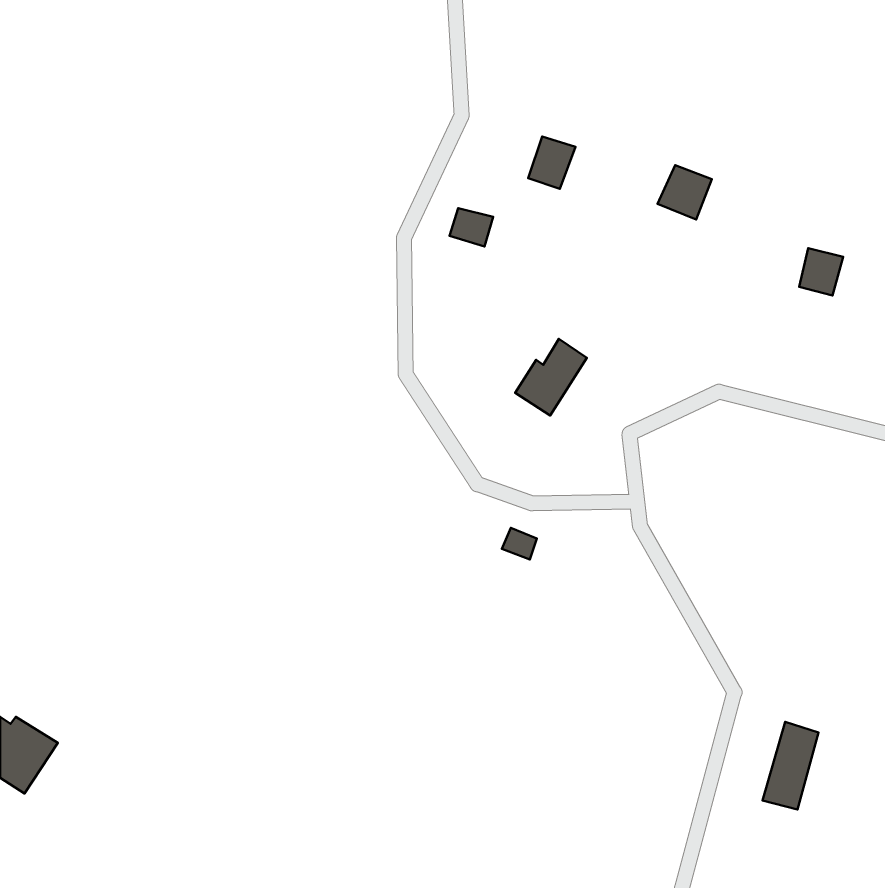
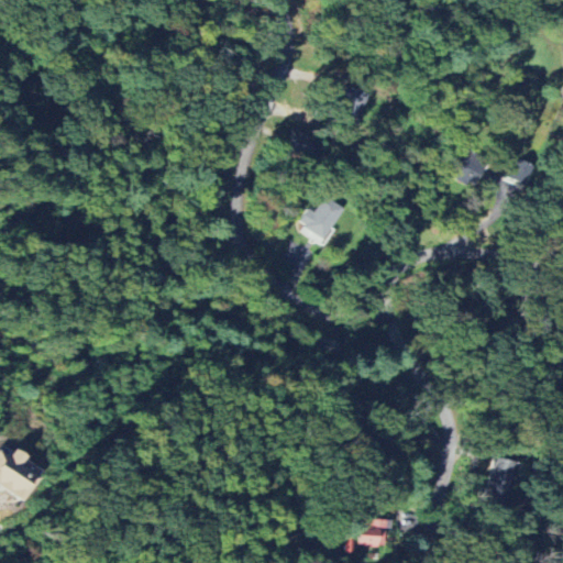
building: [658,165,712,219] -> [453,153,487,187]
building: [515,339,587,416] -> [300,195,345,243]
building: none -> [362,517,388,544]

